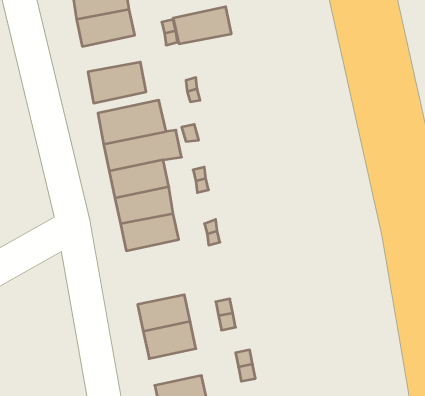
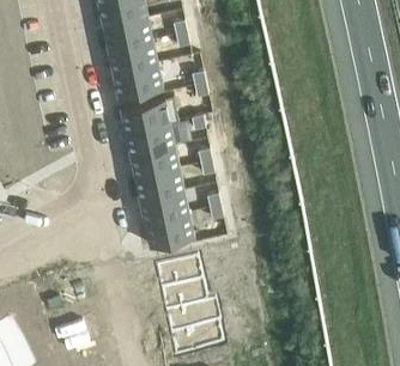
building: [173,7,231,44] -> [108,42,157,73]
building: none -> [145,214,195,249]
building: none -> [164,306,208,337]

